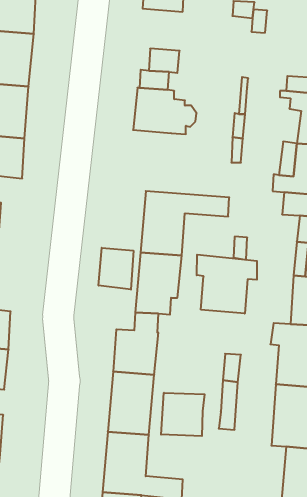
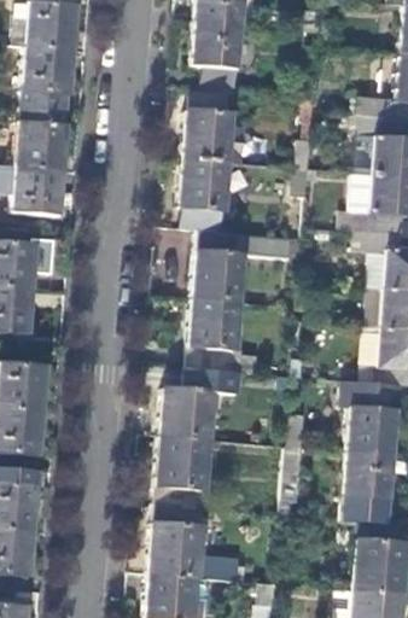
building: none -> [192,22,240,70]
building: none -> [179,161,227,212]
building: [99,248,133,290] -> none
building: [197,255,257,314] -> none
building: [161,393,205,436] -> none

